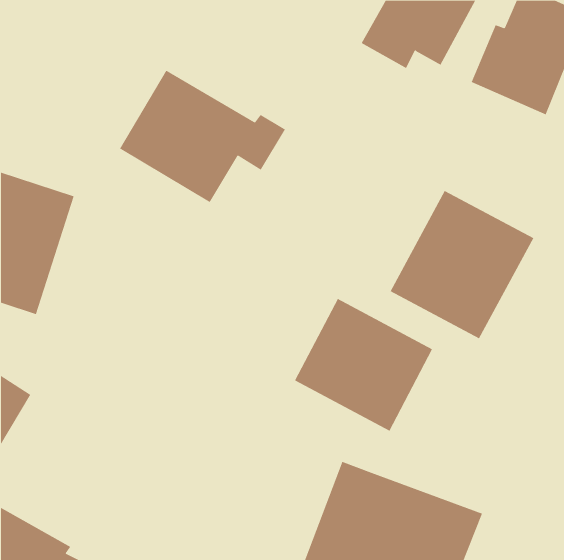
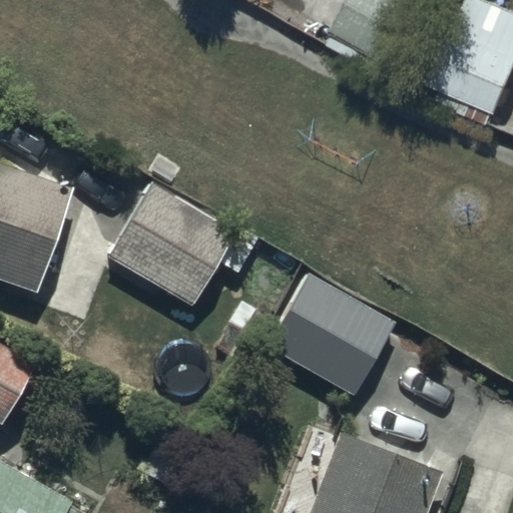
building: [119,70,286,203] -> [107,183,258,304]
building: [390,190,534,339] -> none

